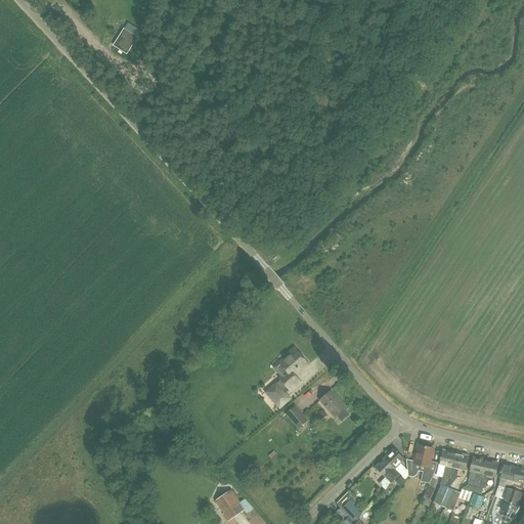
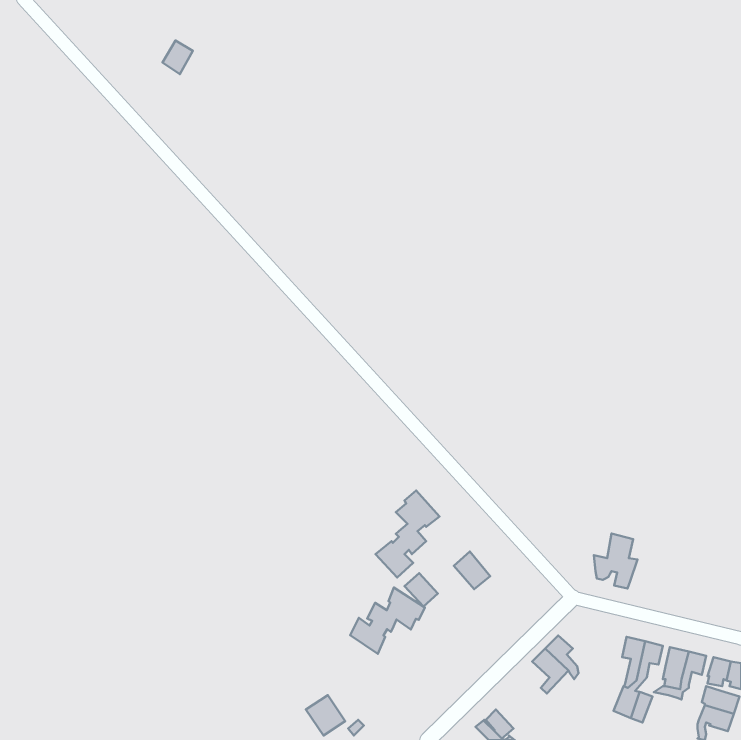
building: none -> [350,588,425,654]
building: [406,443,437,482] -> [594,533,637,589]

